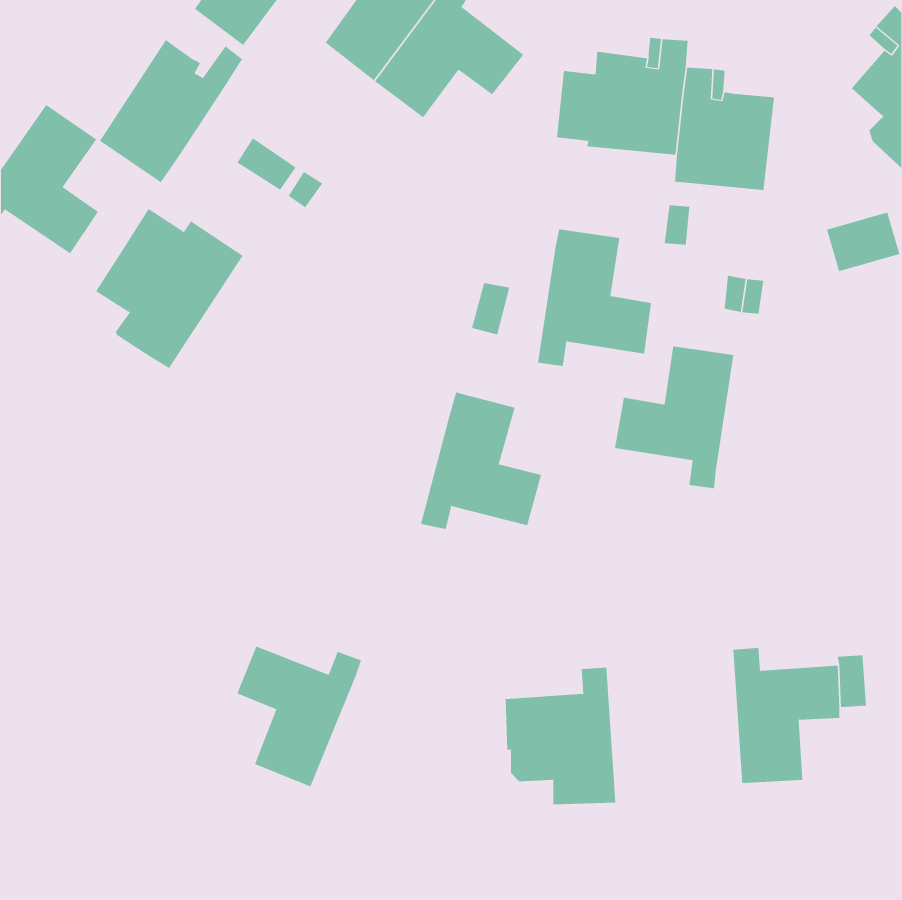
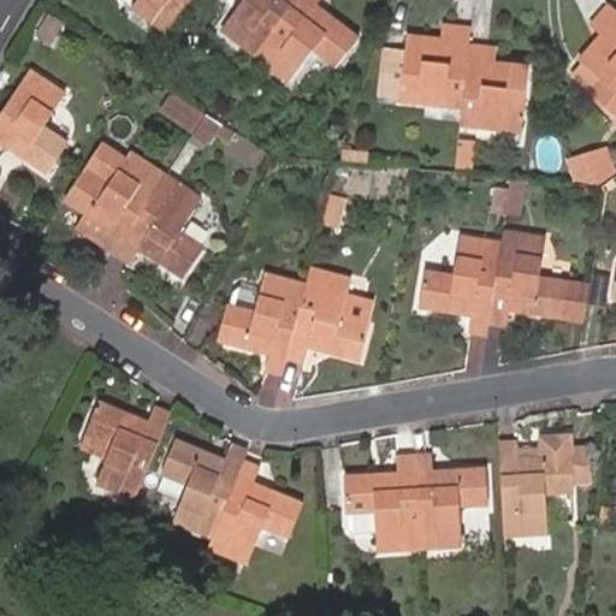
building: [99,39,243,183] -> none
building: [537,229,652,367] -> [488,230,567,324]
building: none -> [116,174,203,277]
building: none -> [218,273,306,374]
building: none -> [78,402,170,498]
building: none -> [414,454,488,547]
building: none -> [208,461,303,562]

